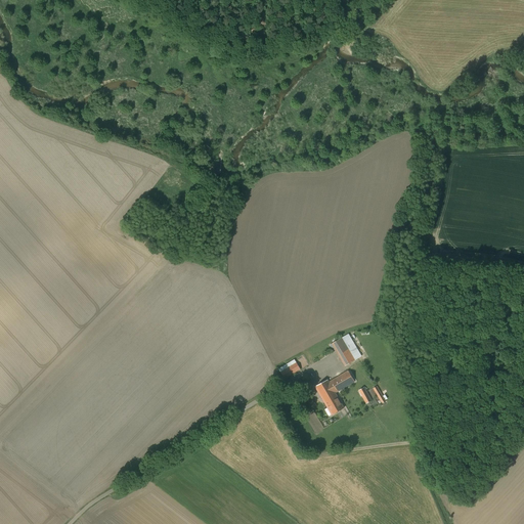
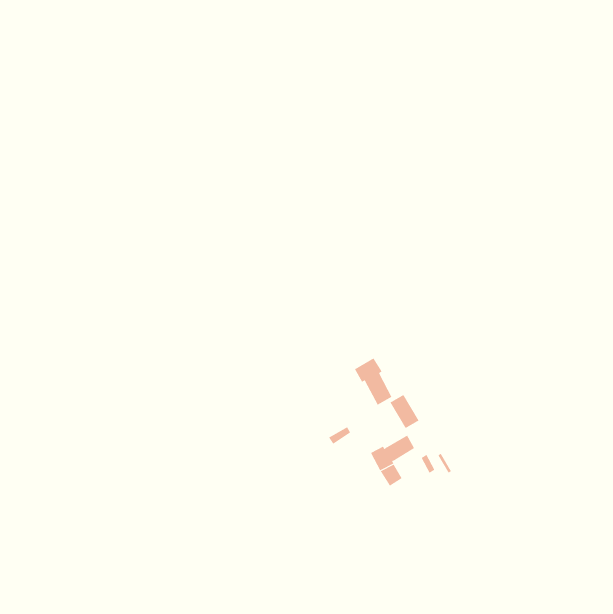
building: none -> [354,357,392,405]

